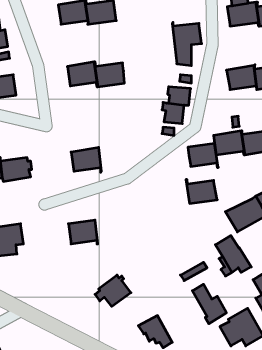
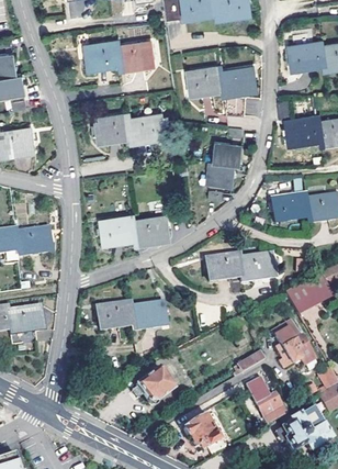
building: none -> [189,66,225,93]
building: [188,144,218,167] -> [206,253,243,281]
building: none -> [134,214,170,243]
building: none -> [129,301,166,330]

